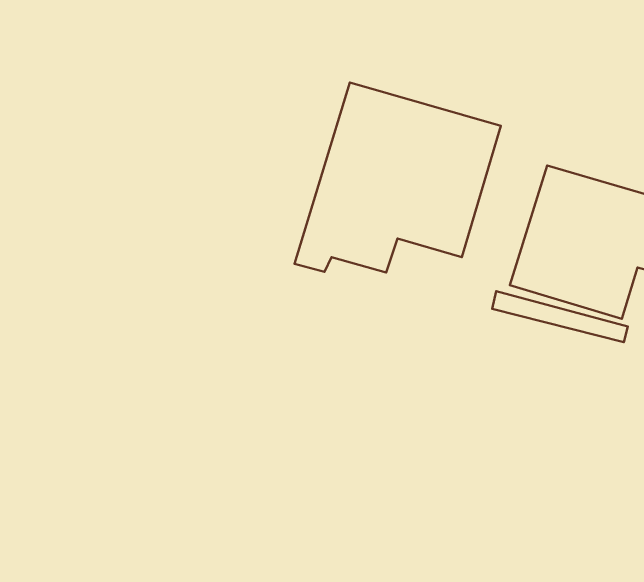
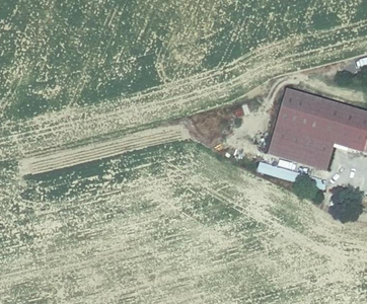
building: [294,83,501,272] -> none

